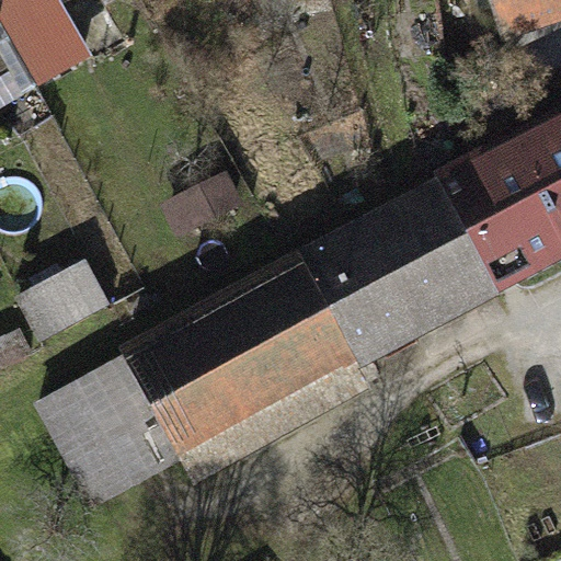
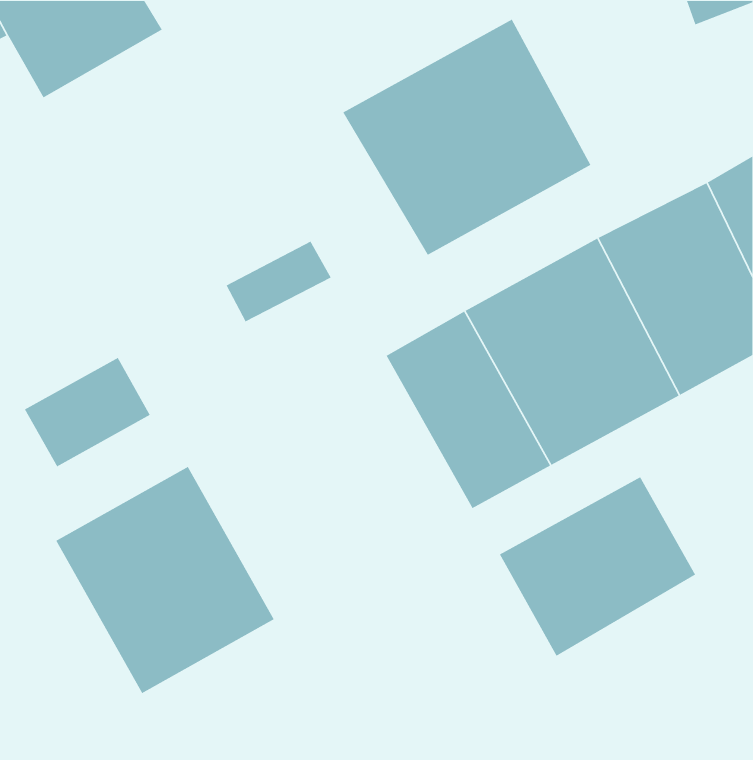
building: none -> [342,18,592,256]
building: [138,263,346,457] -> none
building: none -> [499,476,696,657]

